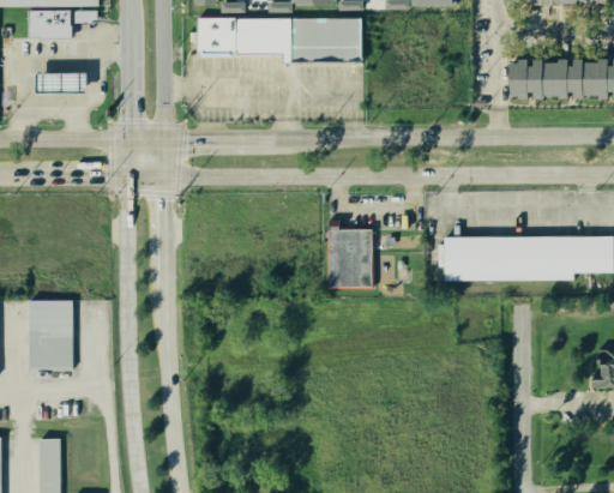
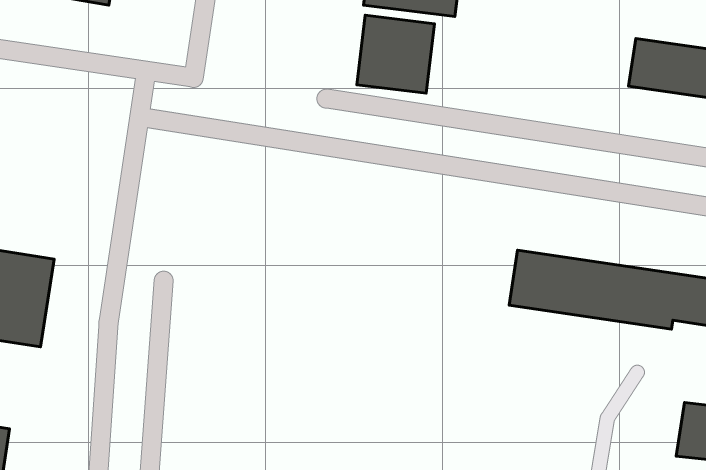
building: none -> [357,15,435,93]
building: [324,228,372,288] -> none

